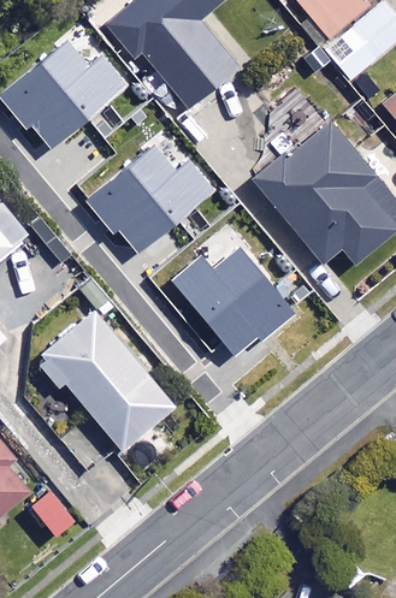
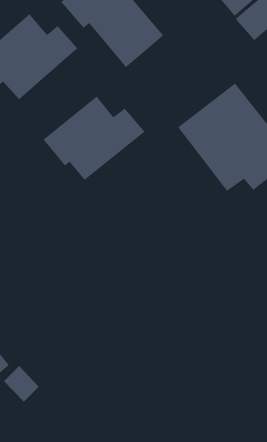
building: [171,248,294,355] -> none
building: [35,309,175,463] -> none

